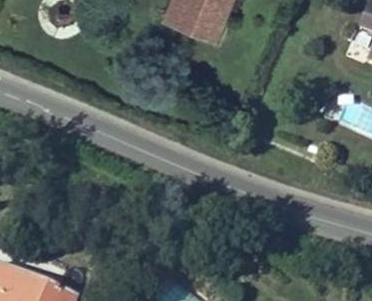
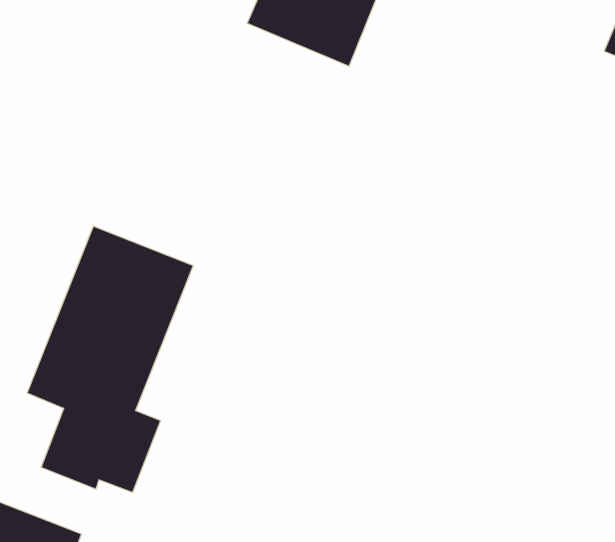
building: none -> [27,226,193,492]

